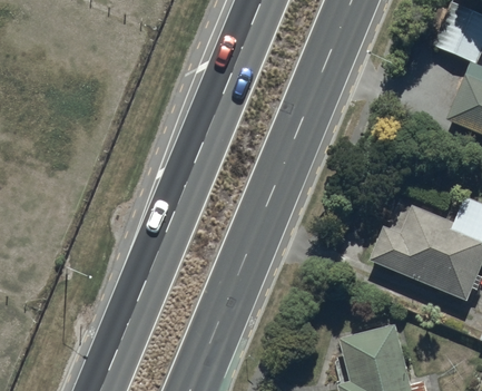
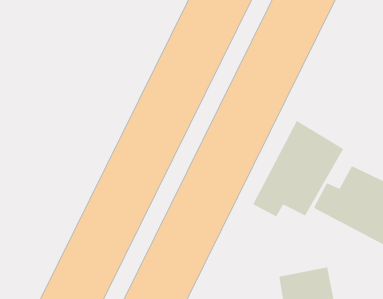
building: none -> [252,120,344,217]

